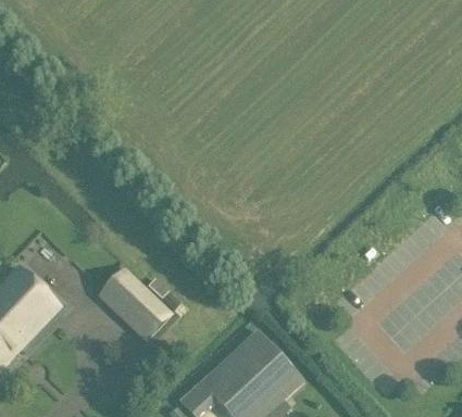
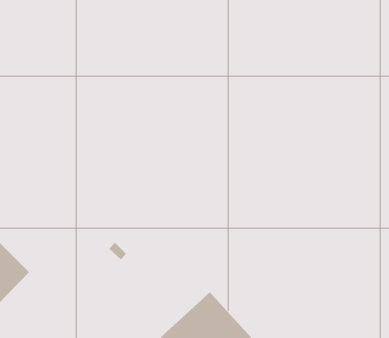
building: [103,269,168,334] -> none

